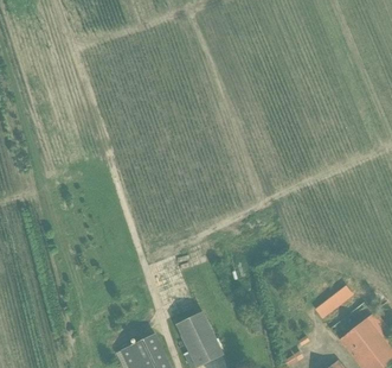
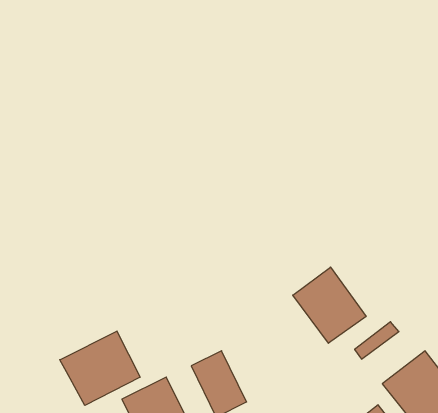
building: none -> [293,267,366,343]
building: none -> [60,331,140,405]

